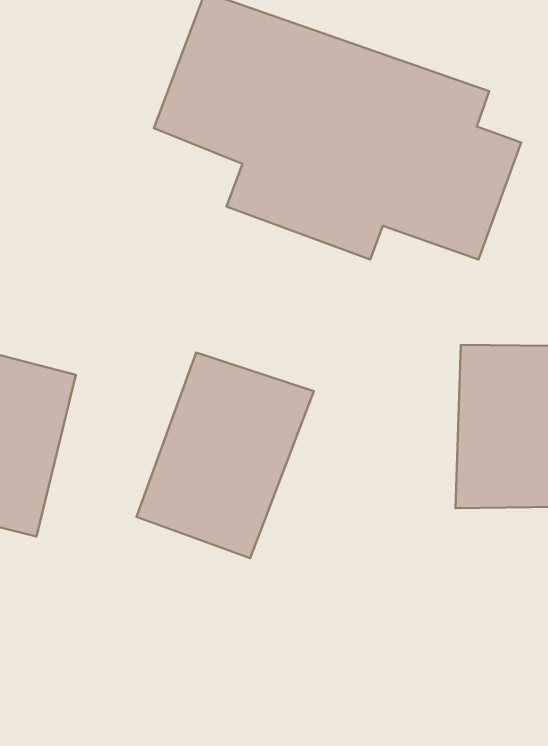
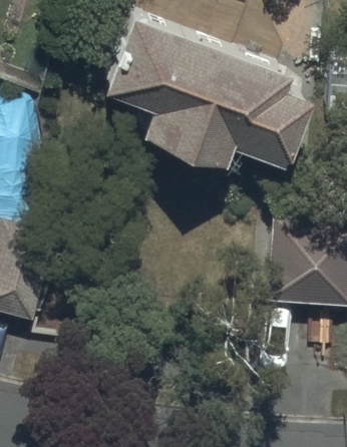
building: [137,353,314,558] -> none

